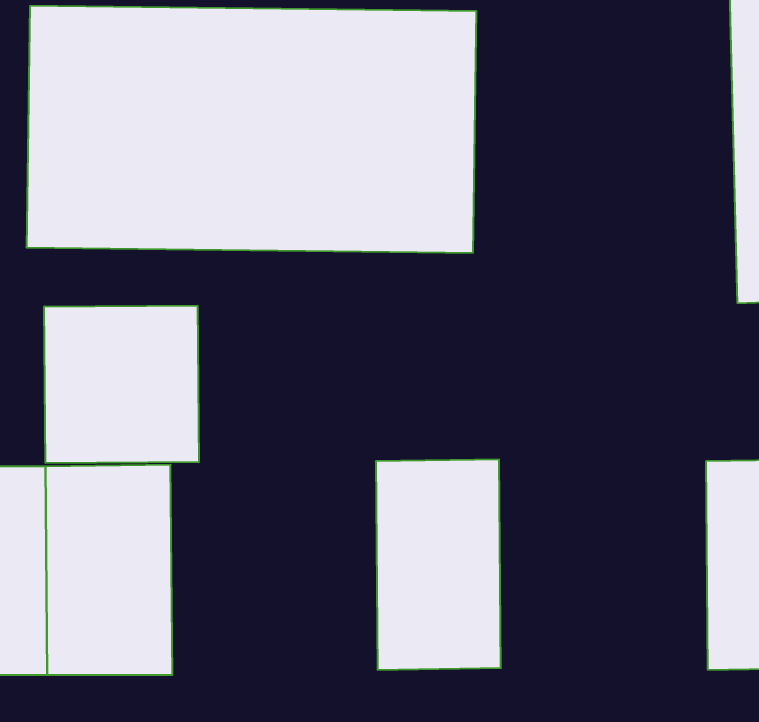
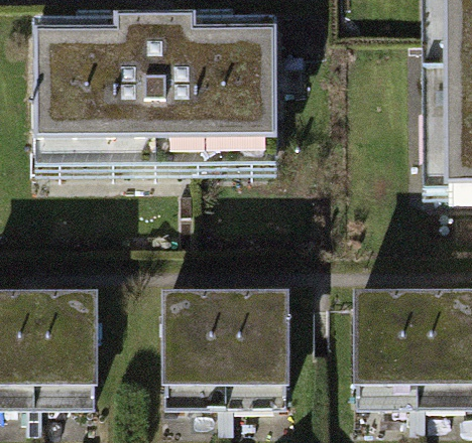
building: [44,306,199,463] -> none
building: none -> [142,287,222,409]
building: none -> [339,287,414,409]

